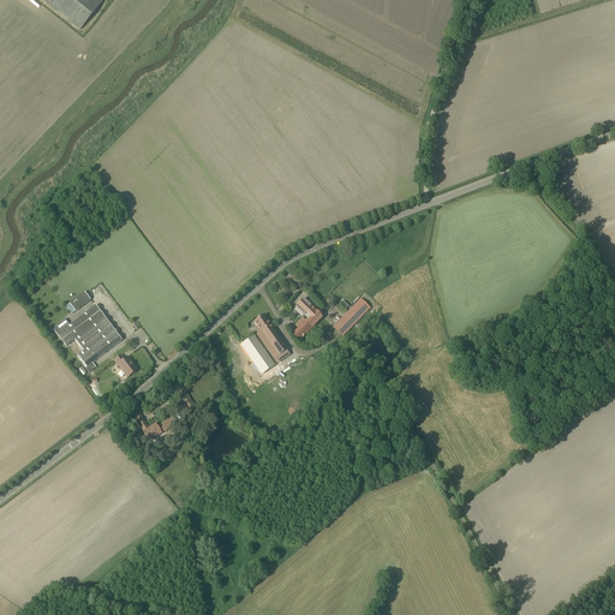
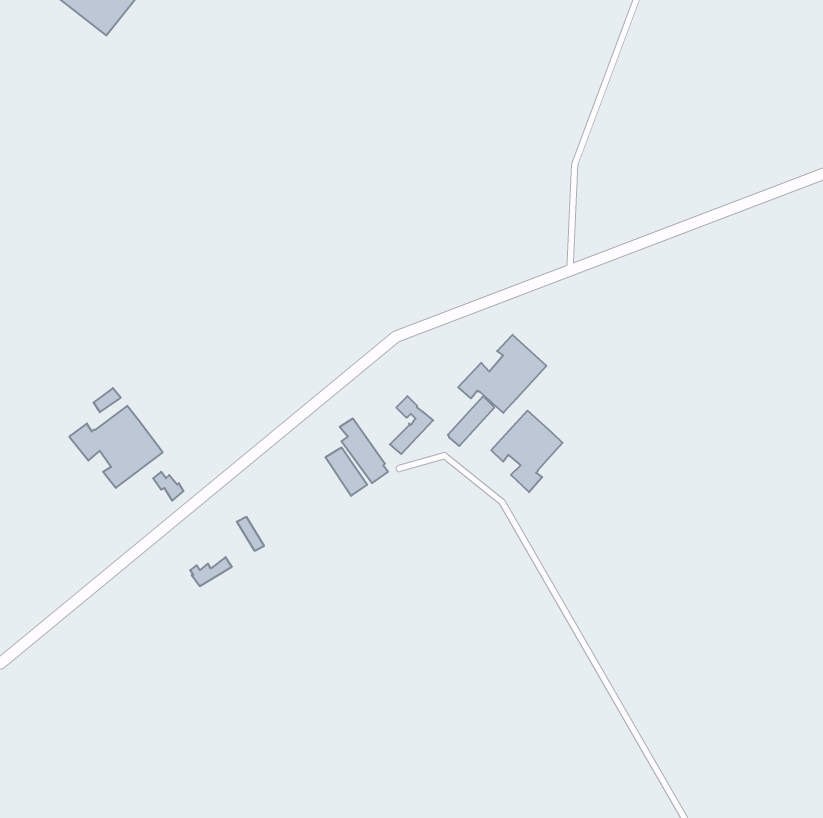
building: none -> [458,335,546,413]
building: none -> [491,411,563,492]

